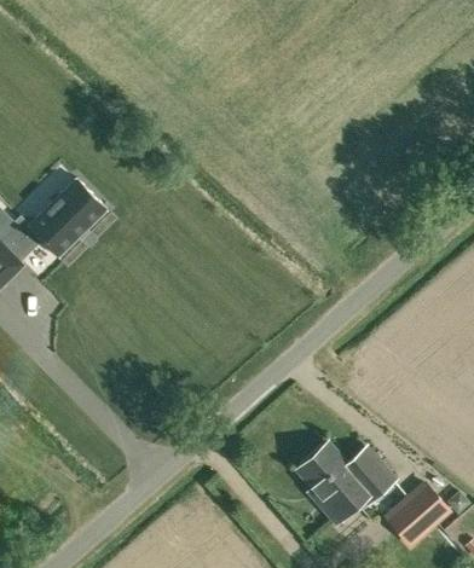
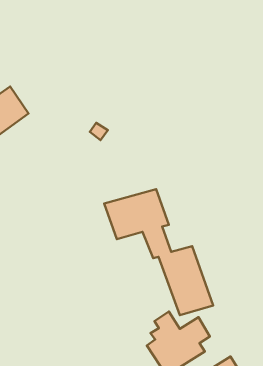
building: none -> [104,189,213,315]

